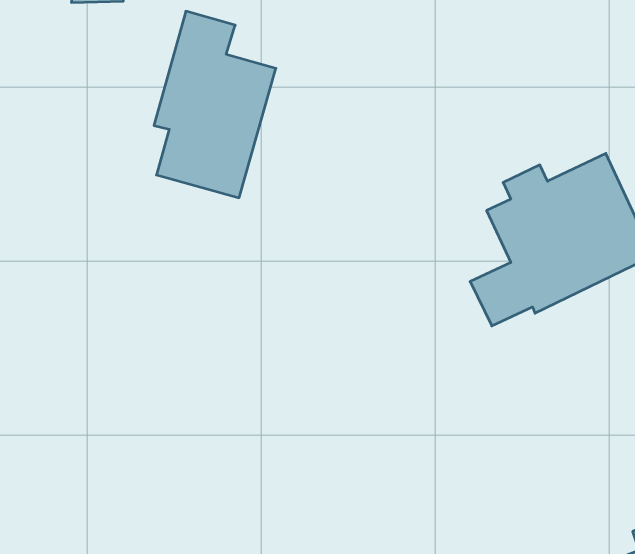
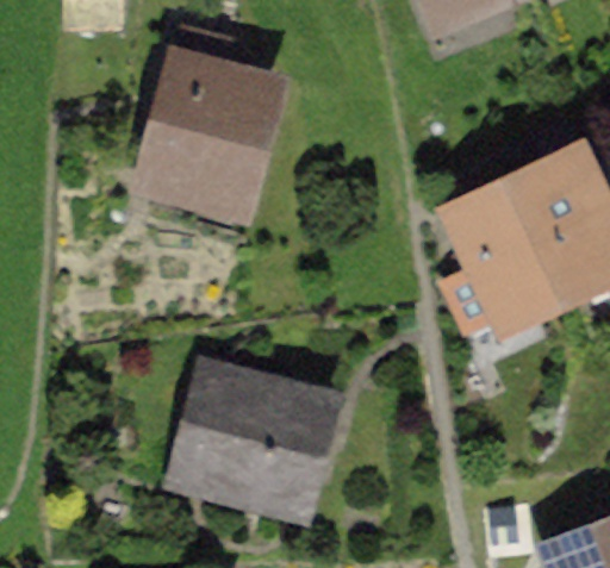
building: none -> [188,388,317,514]

